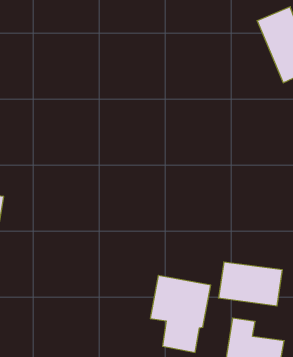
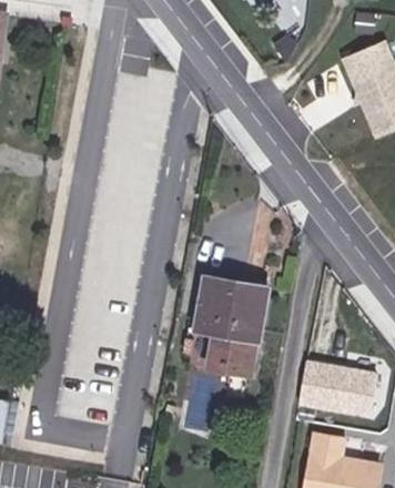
building: [150,275,211,352] -> [193,275,270,373]

